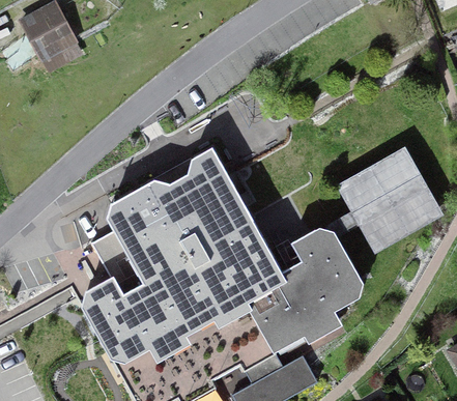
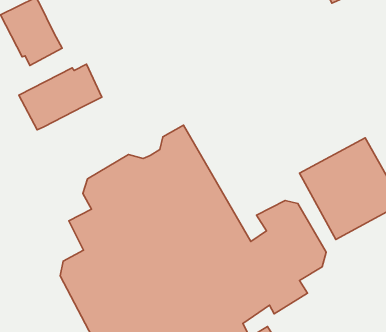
building: none -> [19,64,102,130]

